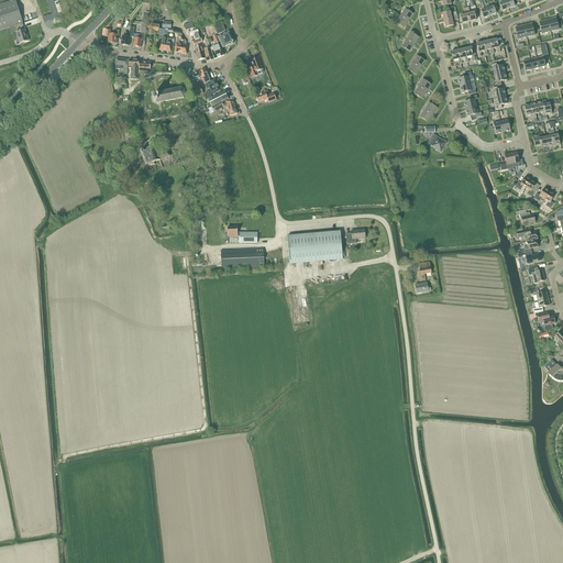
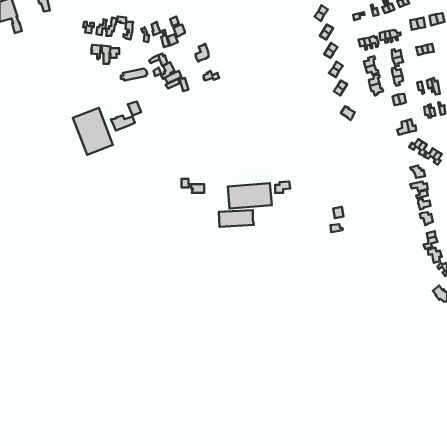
building: none -> [73,108,113,155]
building: [220,246,264,267] -> [219,210,254,227]

